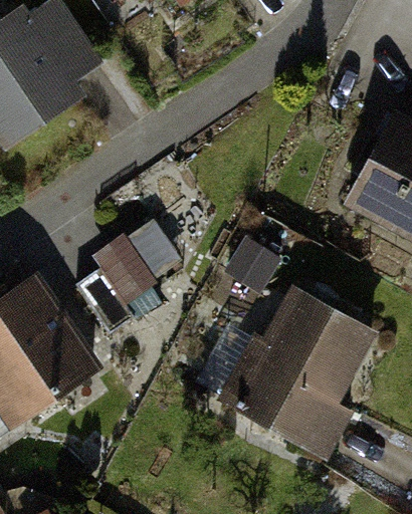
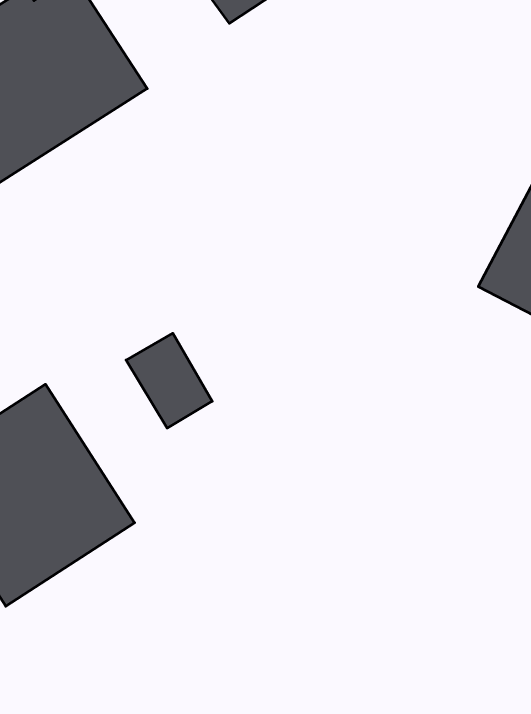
building: [230,290,374,457] -> none

